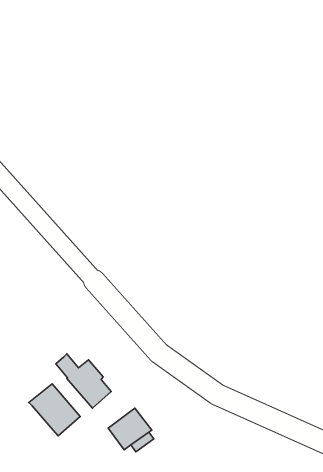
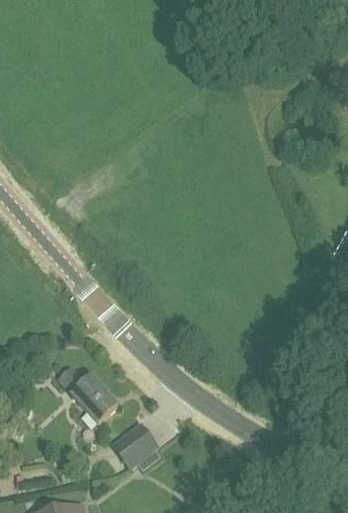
building: [29,384,80,436] -> none

